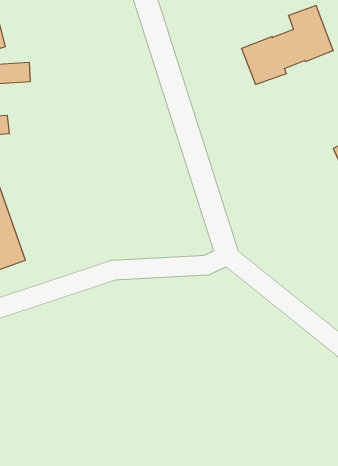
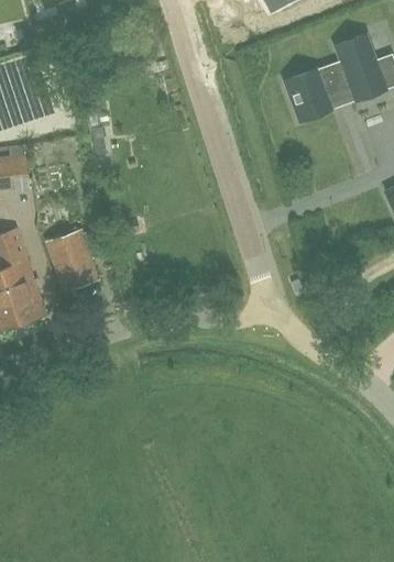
building: none -> [46,229,98,291]

